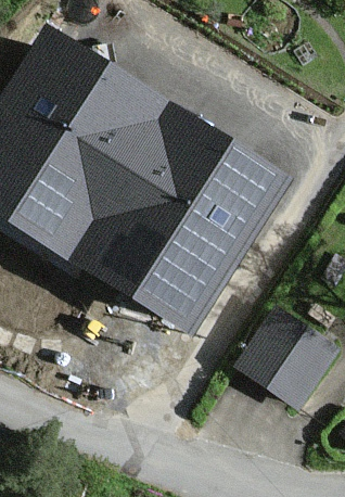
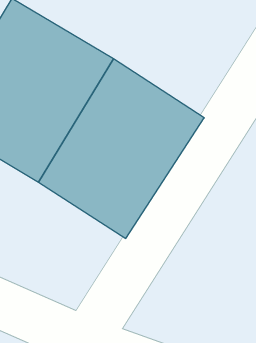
building: [238,315,324,402] -> none

